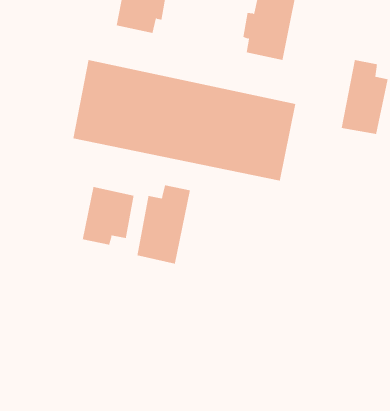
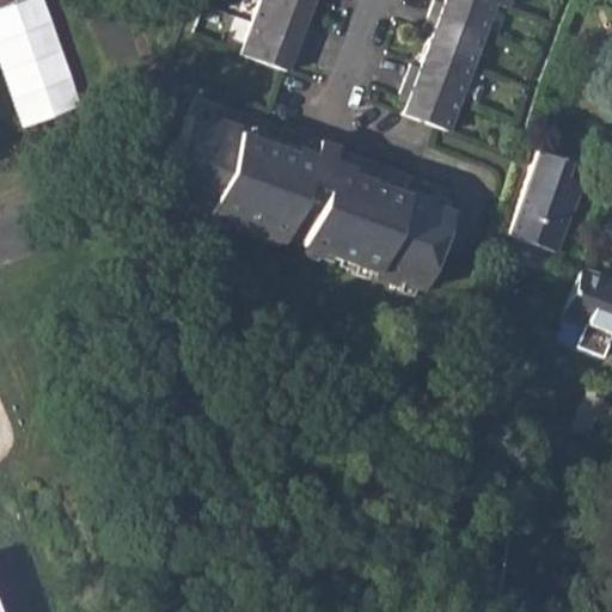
building: [137,185,190,264] -> none
building: [82,186,134,245] -> none

